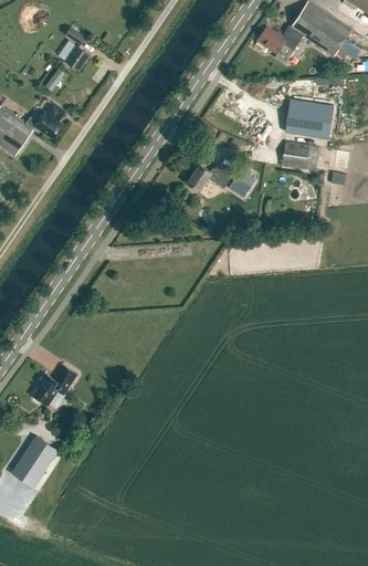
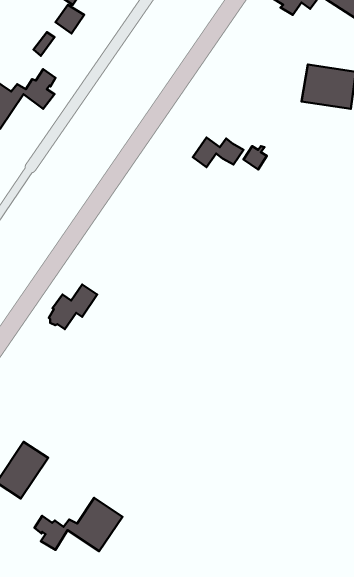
building: [281,142,317,170] -> none
building: [33,365,76,405] -> [49,285,97,329]
building: none -> [35,498,122,551]

